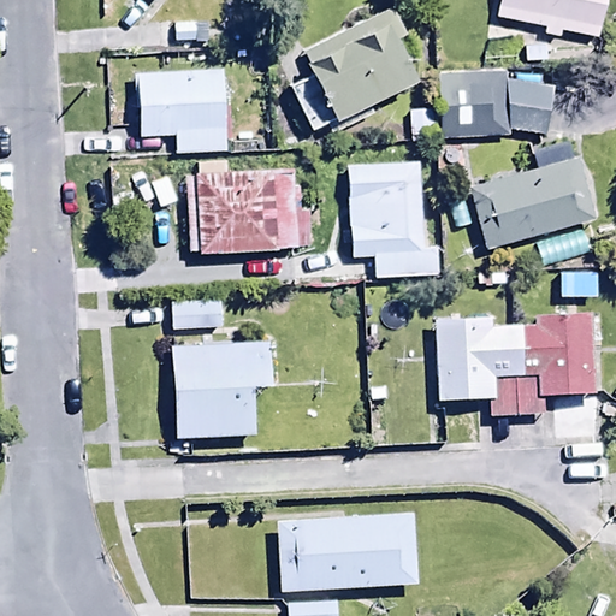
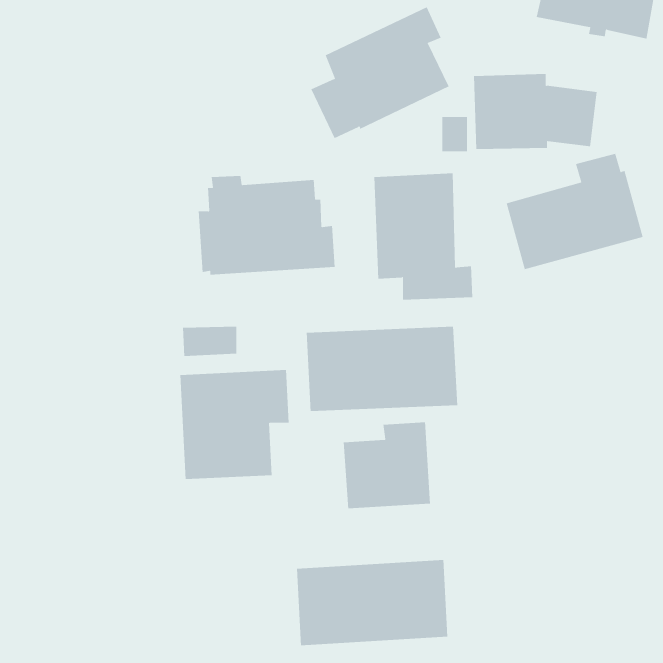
building: [129,69,236,158] -> none
building: none -> [306,326,458,412]
building: [436,313,598,416] -> none
building: none -> [343,422,430,509]

